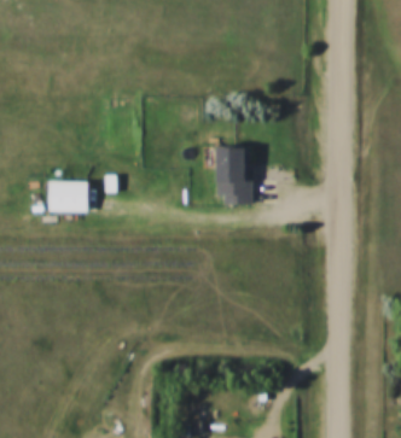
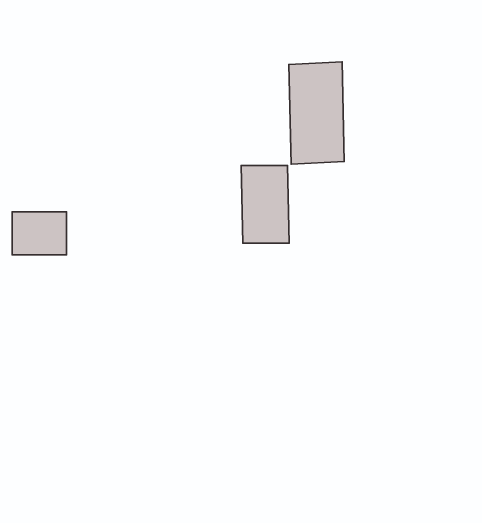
building: none -> [289,62,344,164]

